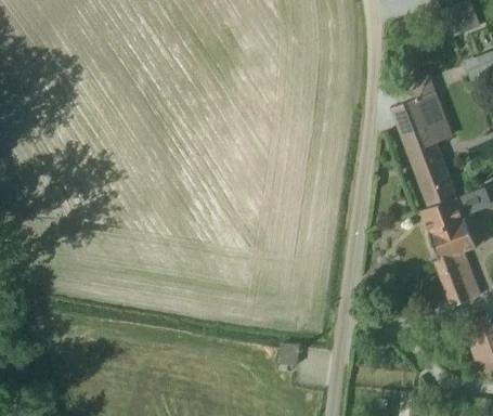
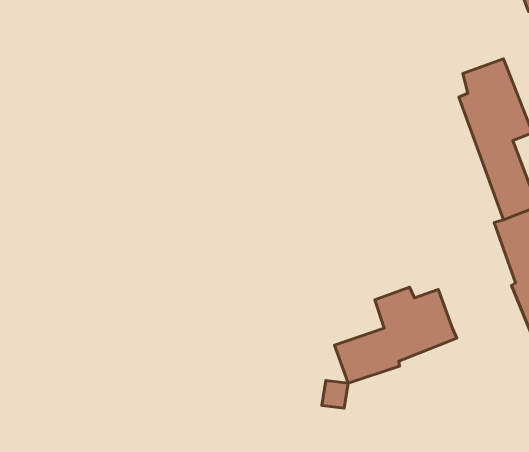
building: none -> [335,287,457,383]

